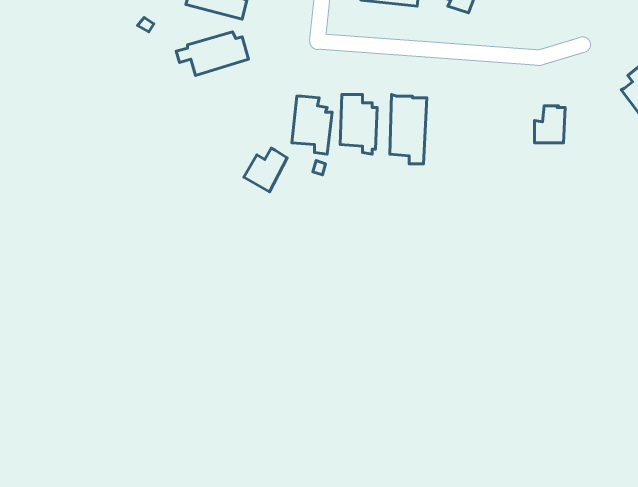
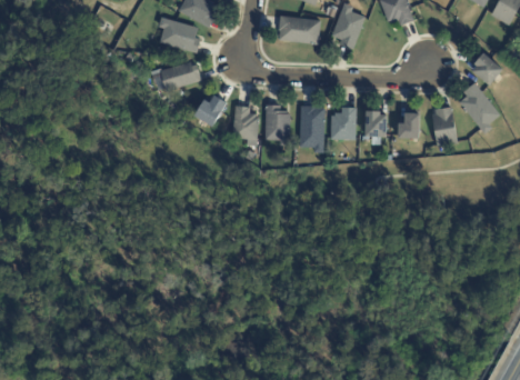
building: none -> [330,107,356,139]
building: none -> [432,107,457,147]
building: none -> [366,111,387,144]
building: [244,148,287,192] -> [196,96,226,126]

